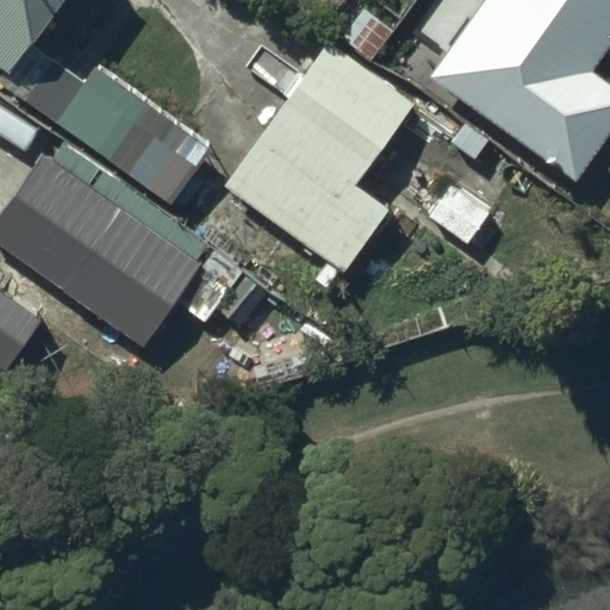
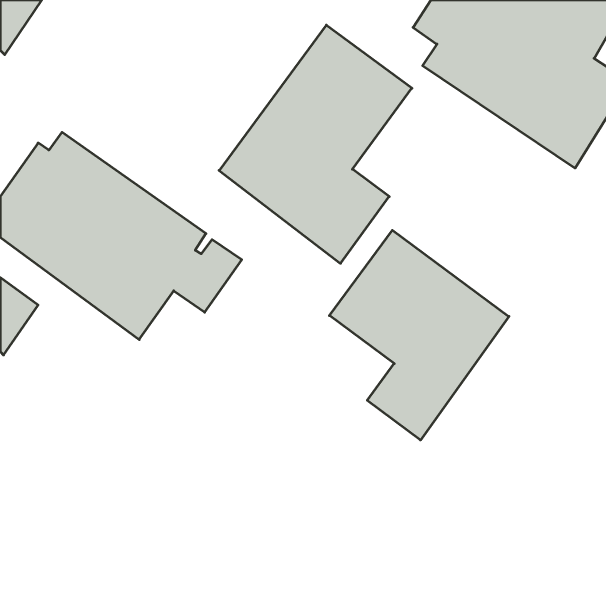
building: [20,56,211,208] -> none
building: none -> [329,230,509,440]

